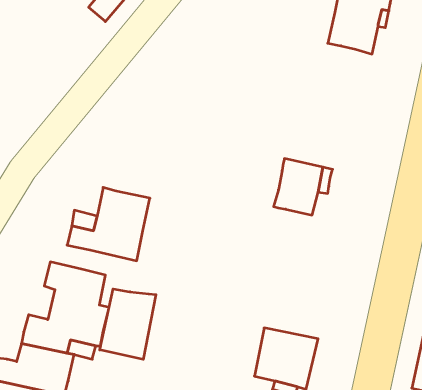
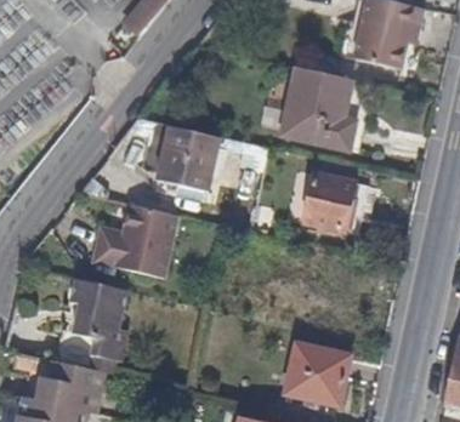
building: none -> [279,68,352,150]
building: none -> [157,126,222,192]
building: [100,289,156,359] -> none

